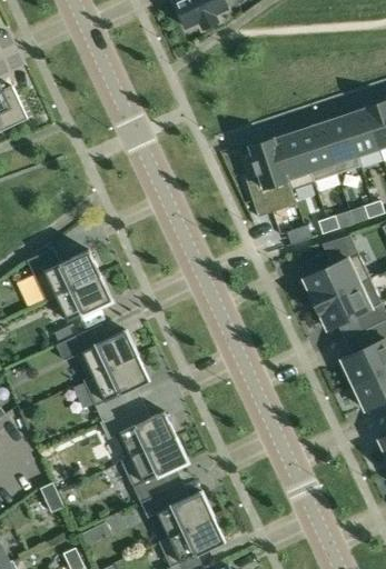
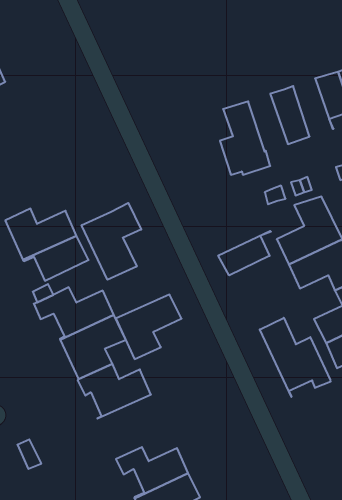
building: [320,116,360,174] -> none
building: [275,131,315,190] -> none
building: none -> [82,203,141,280]
building: none -> [218,231,271,275]
building: none -> [260,318,331,397]
building: [121,437,188,502] -> [116,295,182,359]

